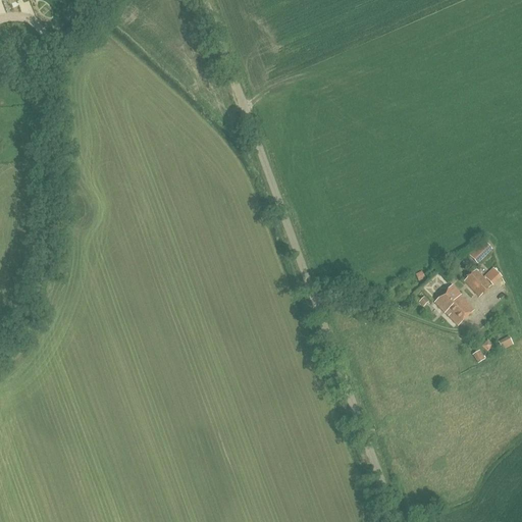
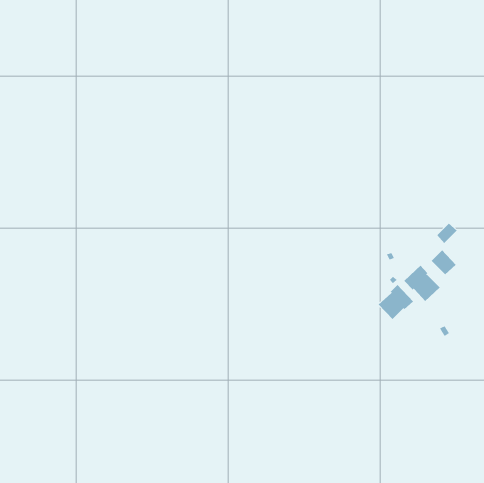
building: none -> [378,284,414,320]

